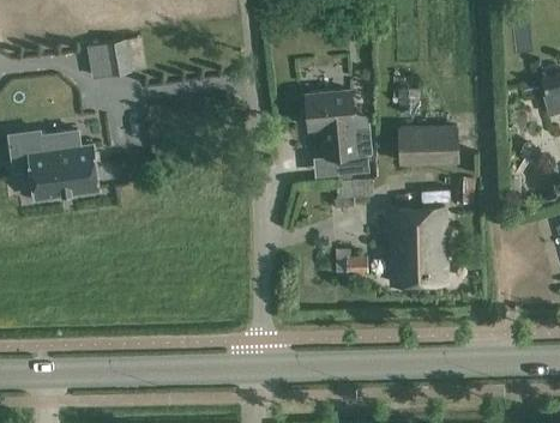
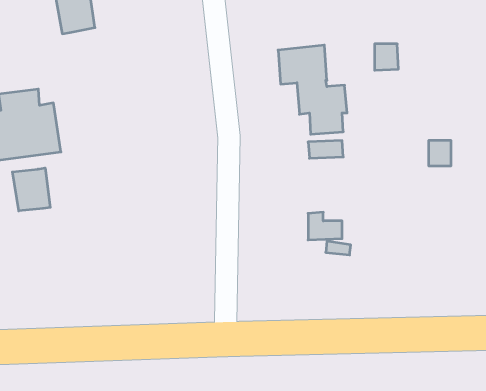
building: [397,125,459,165] -> none
building: none -> [12,168,50,211]
building: [387,209,446,284] -> none

